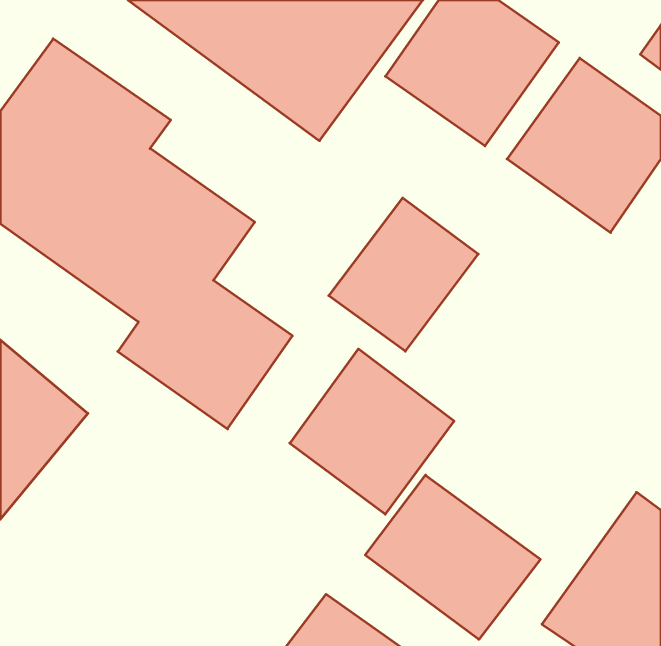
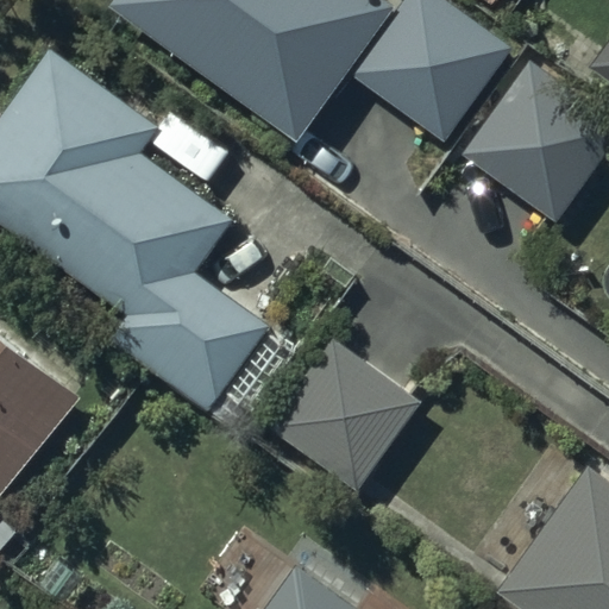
building: [329,198,478,351] -> none
building: [365,475,540,639] -> none

